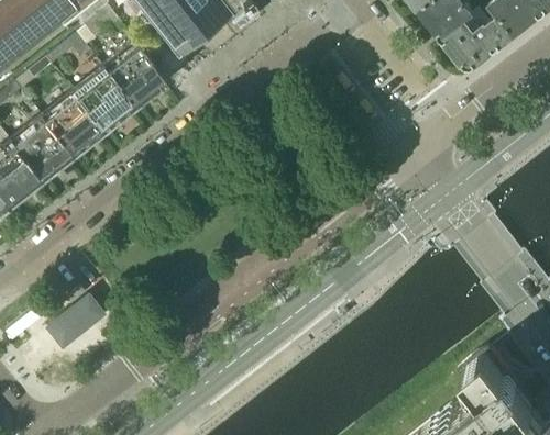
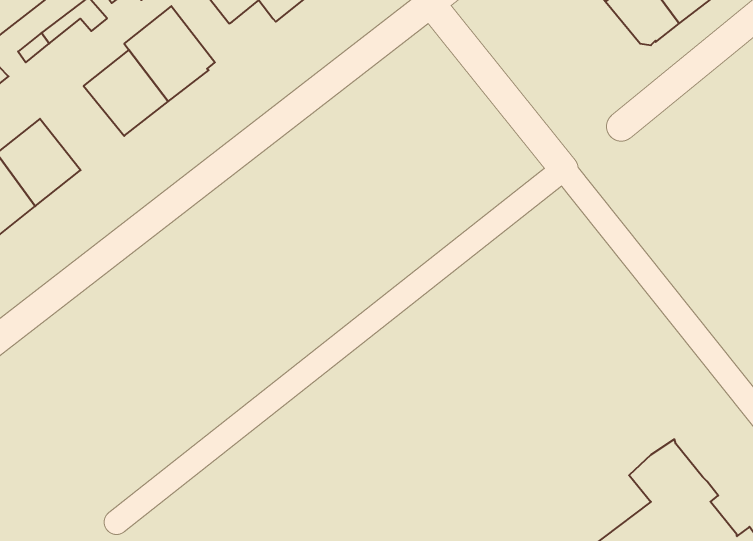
building: [41,98,100,157] -> none
building: [45,299,101,349] -> none

